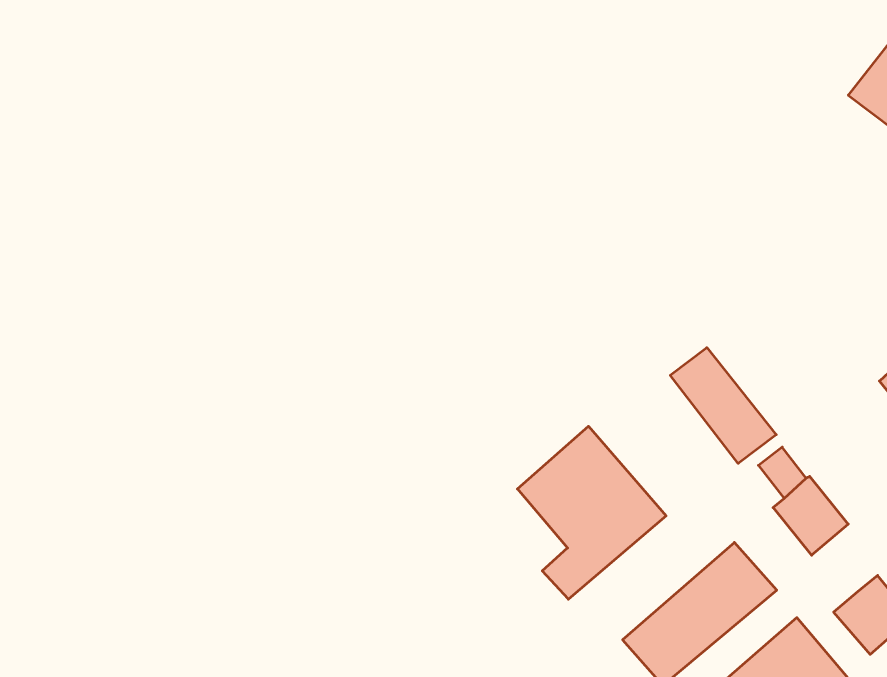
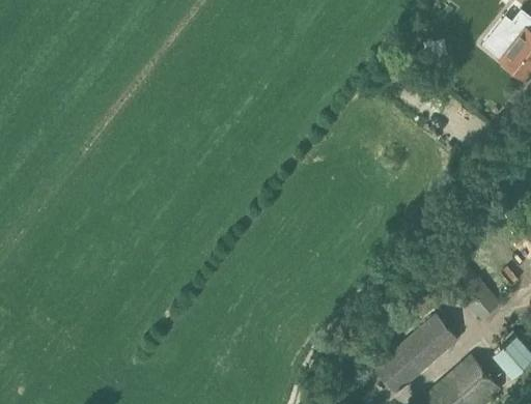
building: [670,348,776,463] -> none
building: [517,426,666,599] -> none

